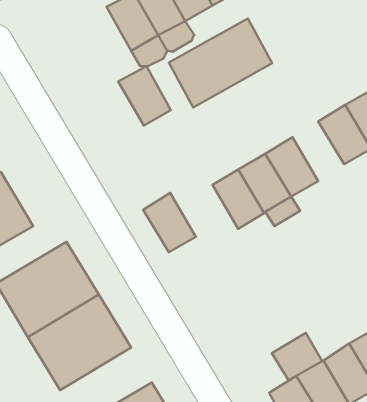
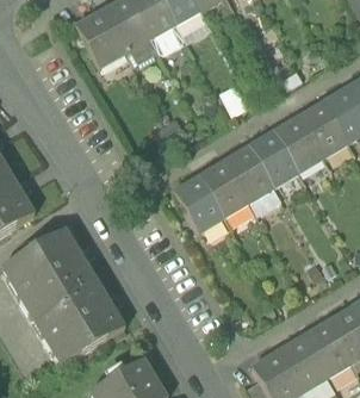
building: [169,18,272,107] -> none
building: [118,66,171,126] -> [75,10,124,64]
building: none -> [273,116,321,170]
building: [143,193,196,252] -> [174,174,223,229]
building: [272,333,322,380] -> none

